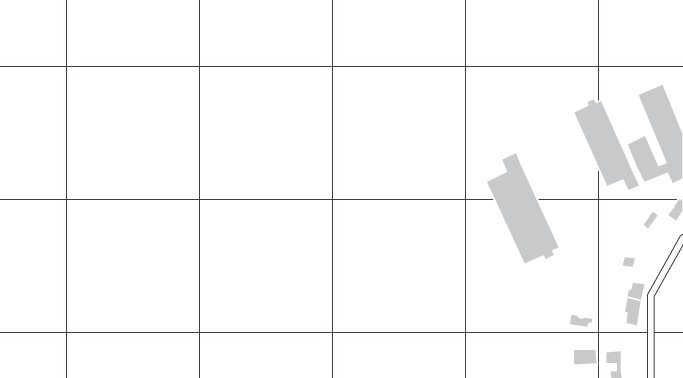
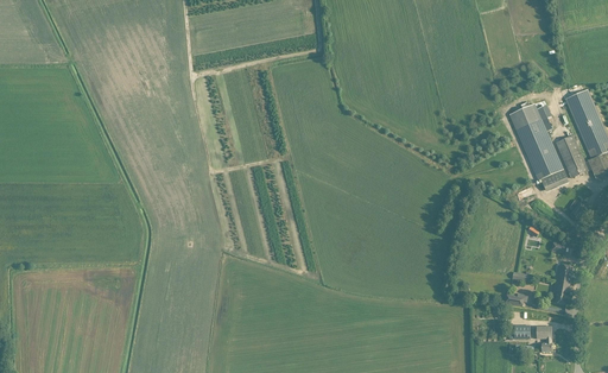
building: [486,152,560,265] -> none

